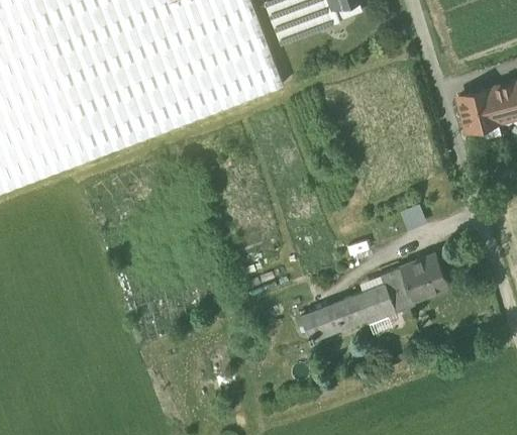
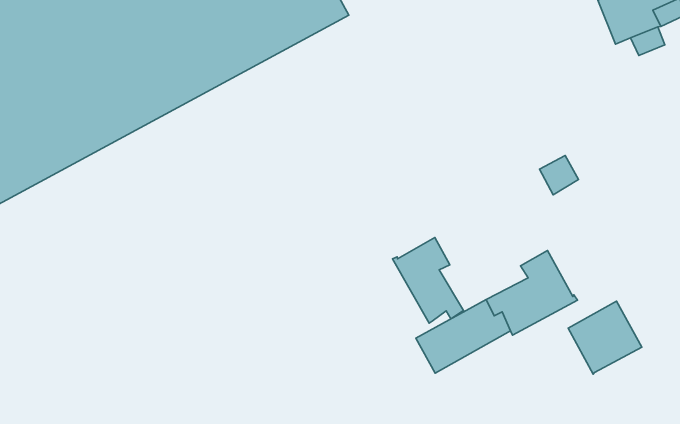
building: none -> [392,237,463,323]
building: [399,254,448,303] -> [568,301,642,374]

